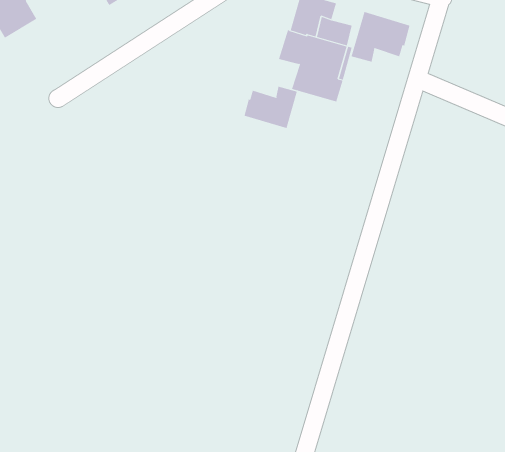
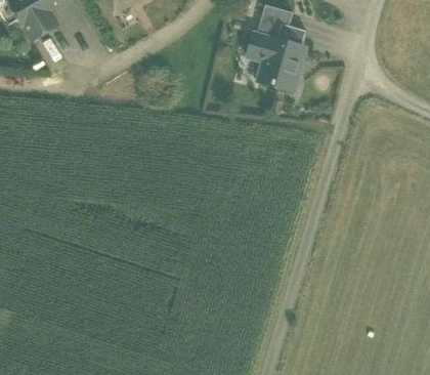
building: [351,11,410,63] -> none
building: [244,86,298,129] -> none

